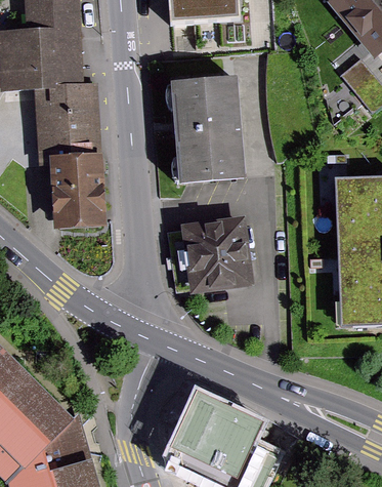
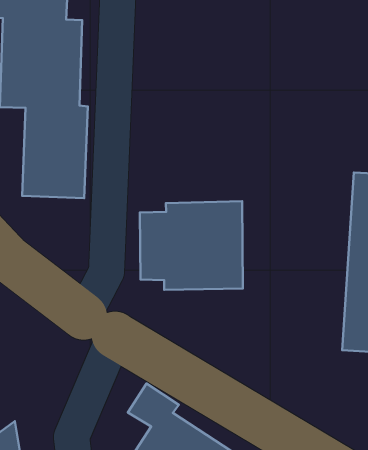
building: [176,74,258,180] -> none

